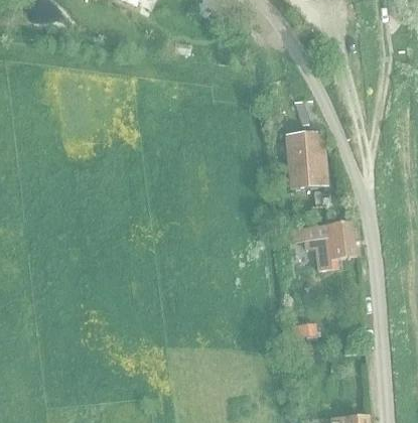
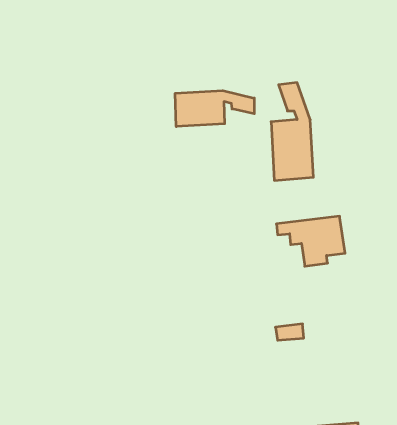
building: none -> [175,91,254,127]

